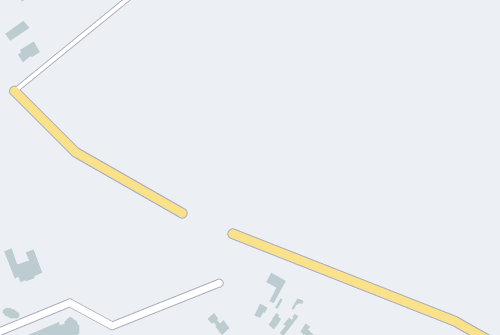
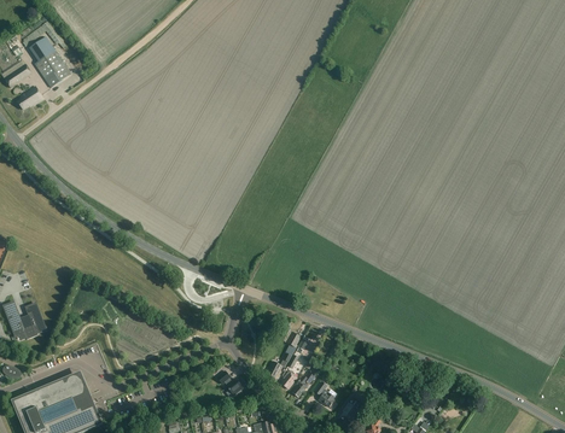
building: none -> [35,49,71,88]

